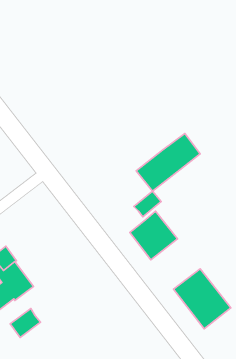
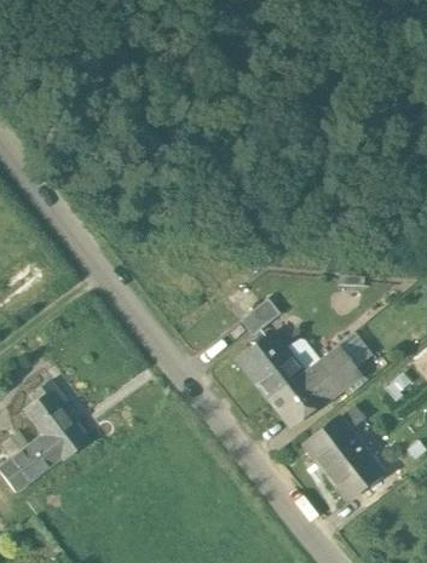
building: [136,134,200,191] -> [266,345,362,431]
building: [10,309,41,337] -> none

